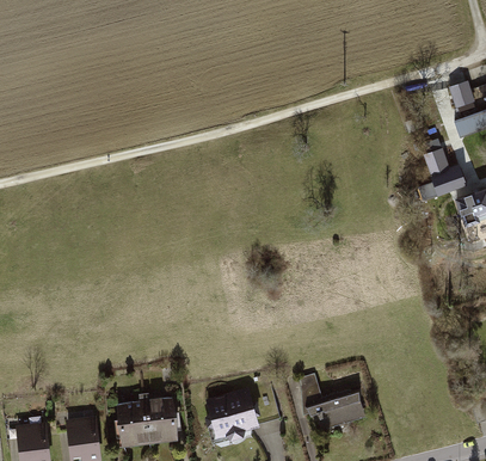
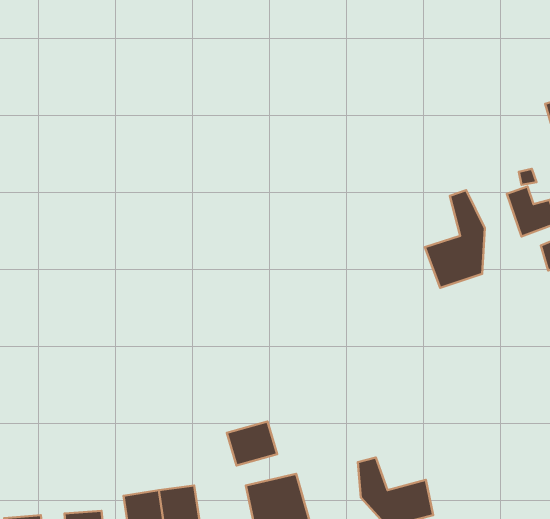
building: none -> [425,190,485,288]
building: none -> [227,422,277,466]

